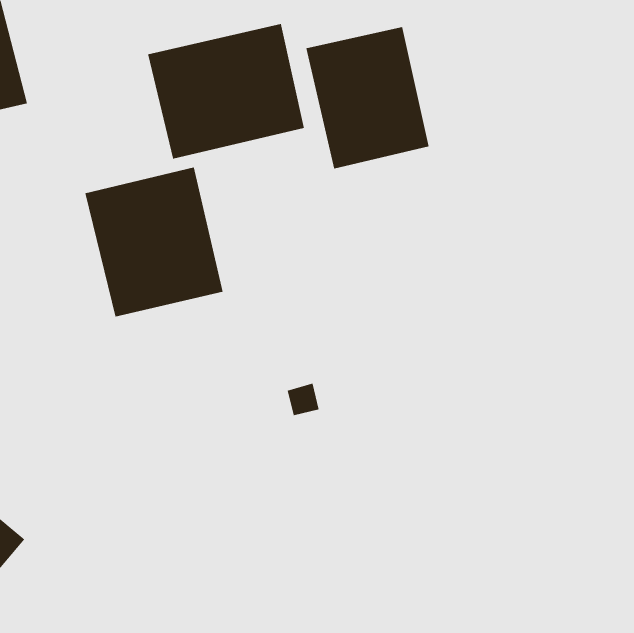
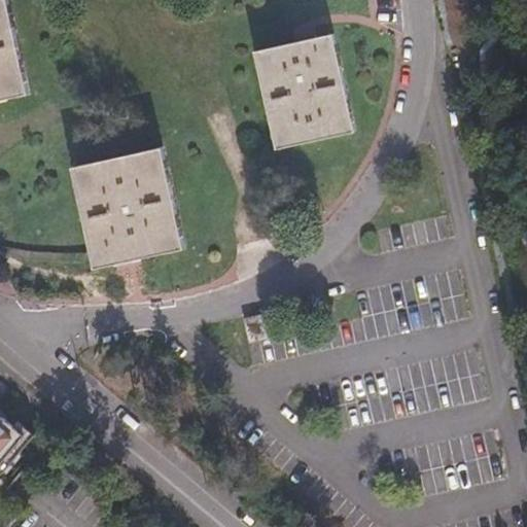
building: [148,23,304,160] -> none

